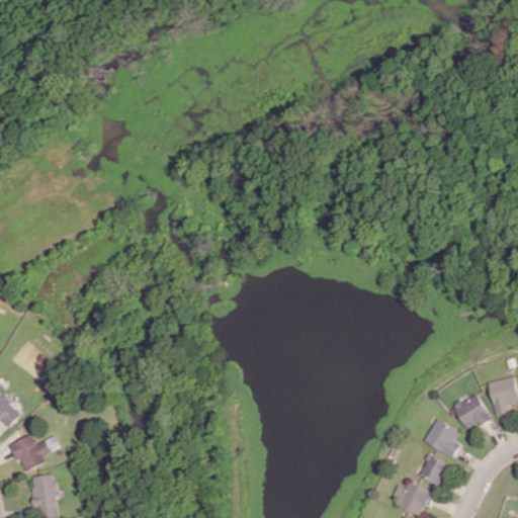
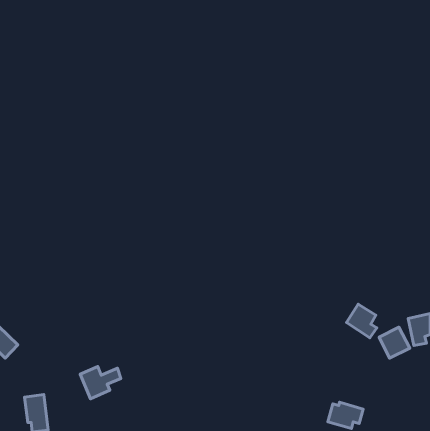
building: [424,418,460,458] -> [346,304,377,338]
building: [10,434,59,472] -> [80,367,121,399]
building: [419,454,449,486] -> none

